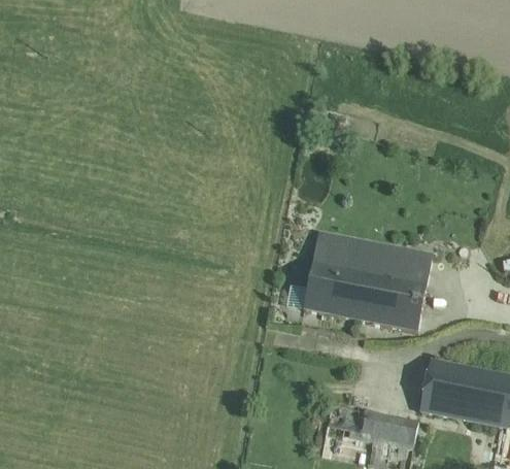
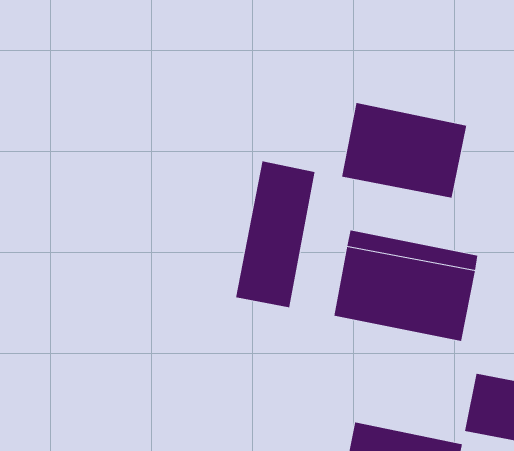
building: none -> [341,102,467,198]
building: none -> [236,160,315,308]

